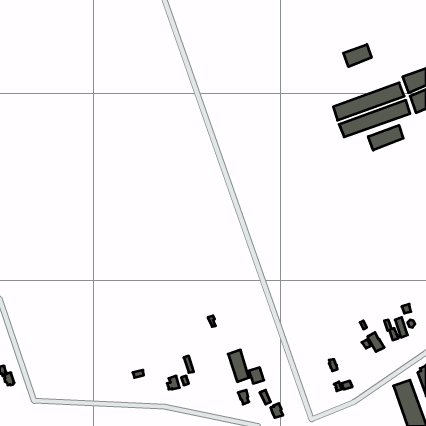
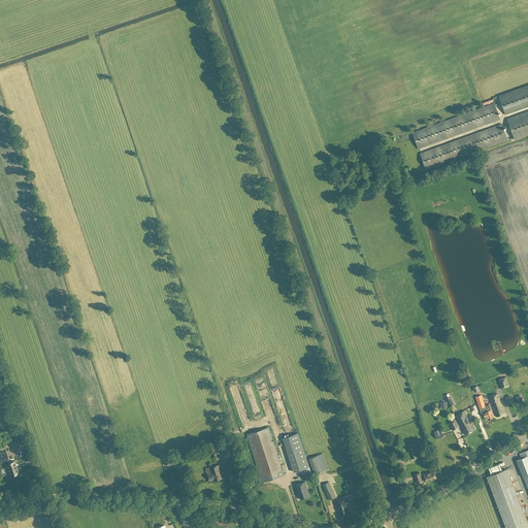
building: [343,44,371,67] -> none
building: [368,125,403,150] -> none
building: none -> [245,427,283,482]

